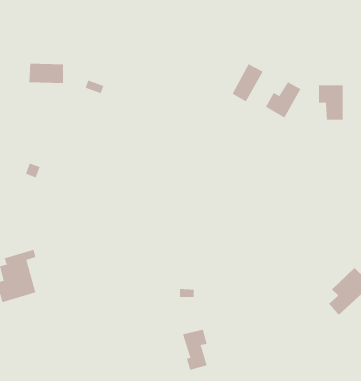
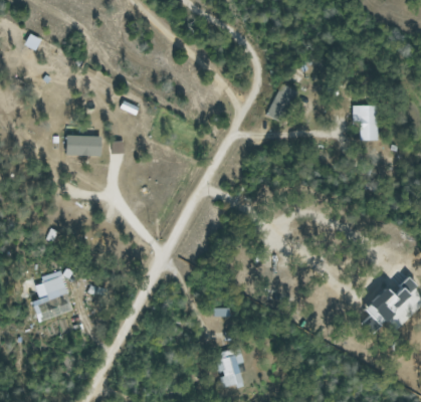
building: [28,63,64,83] -> [66,136,101,156]
building: [265,81,301,118] -> none

